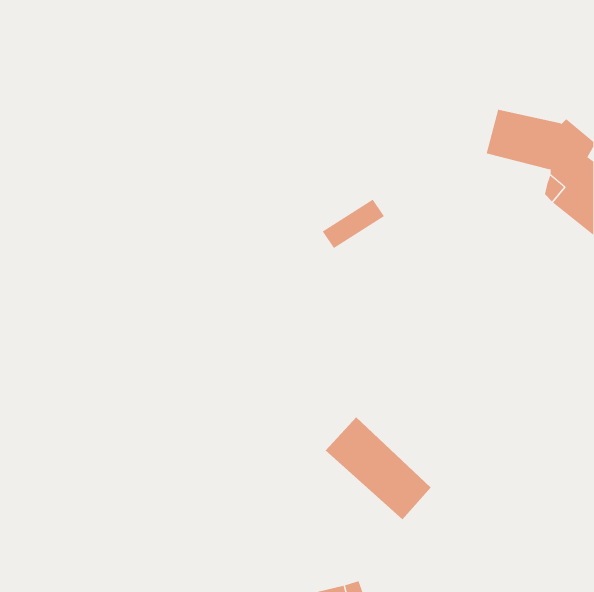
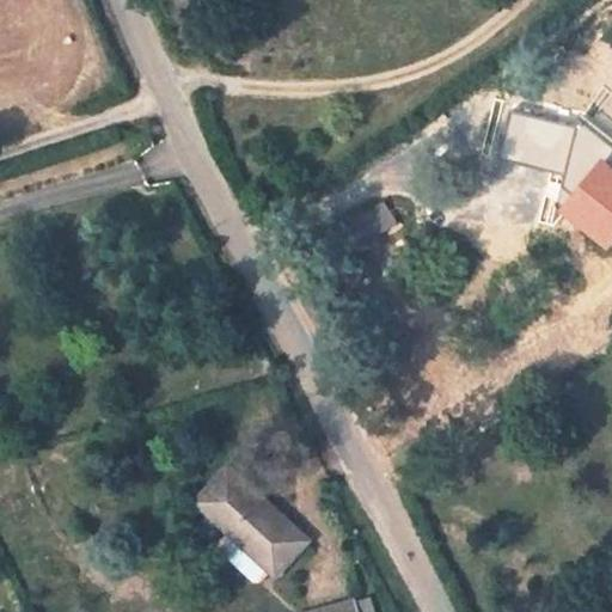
building: [325,417,432,520] -> [197,470,307,576]

